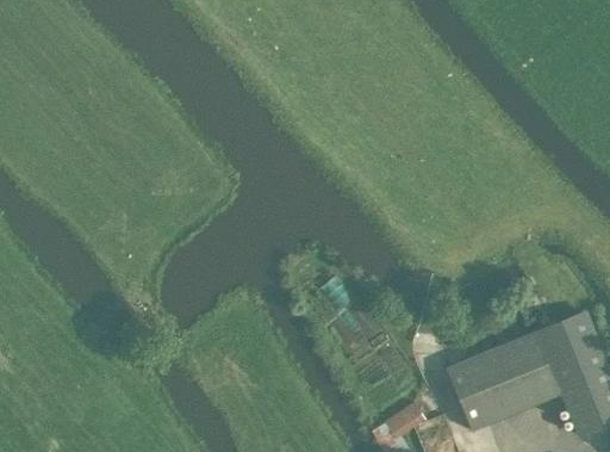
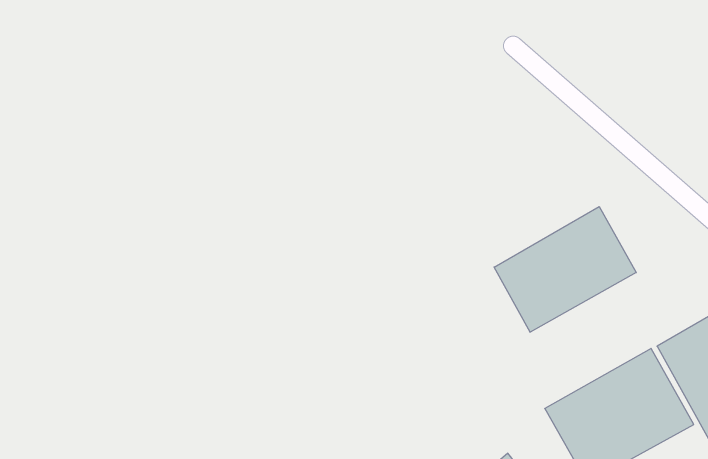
building: none -> [494,207,636,332]

